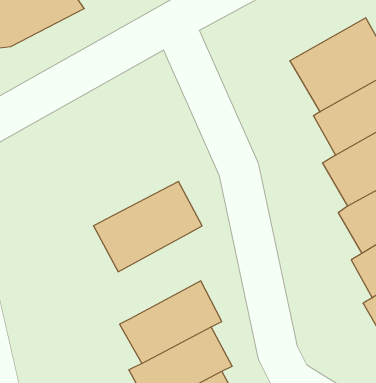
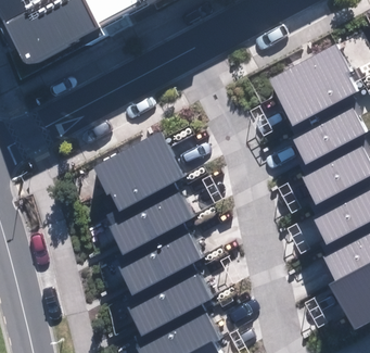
building: none -> [97,127,188,210]
building: none -> [118,224,205,295]

